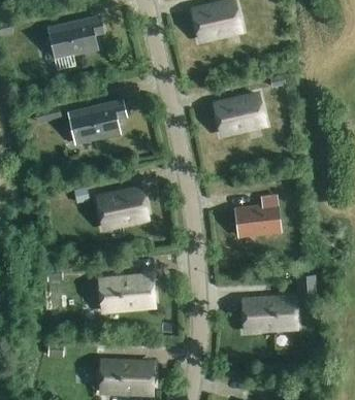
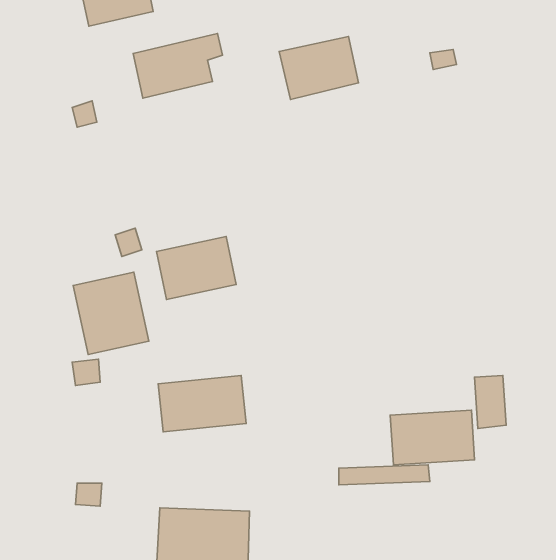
building: [215,94,264,133] -> [279,37,359,100]
building: [69,101,125,141] -> [133,34,222,98]
building: [235,195,280,235] -> none
building: none -> [73,272,149,355]

